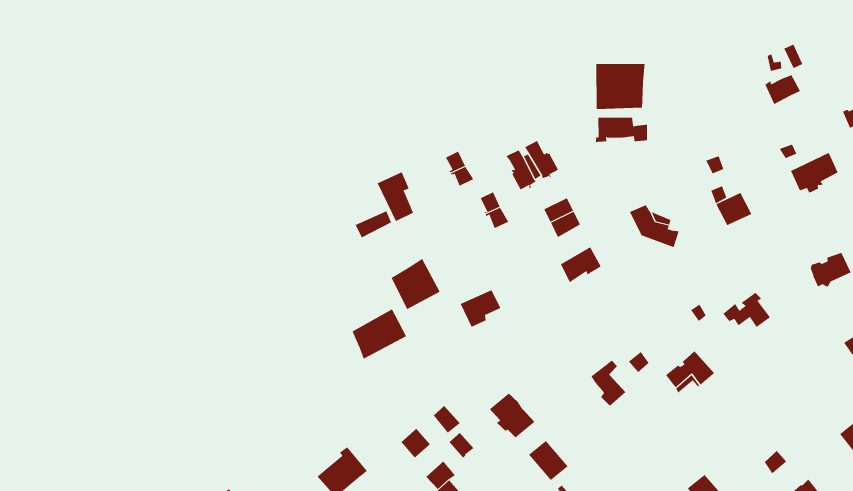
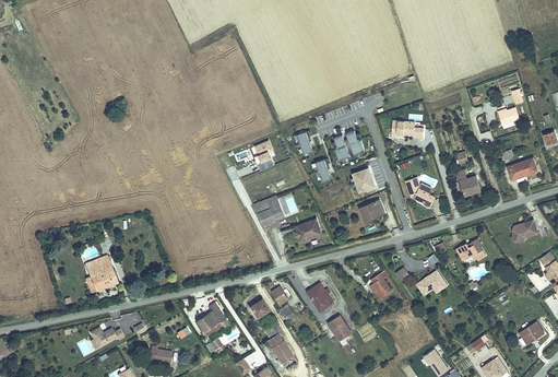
building: [596,63,645,110] -> none
building: [352,309,407,360] -> none
building: none -> [85,256,118,293]

